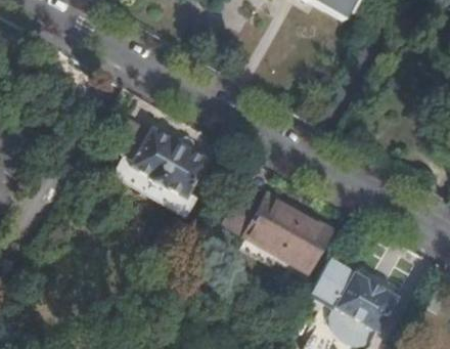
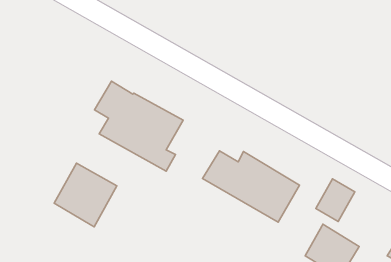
building: none -> [54,163,117,227]
building: [311,262,354,309] -> [316,179,355,222]

